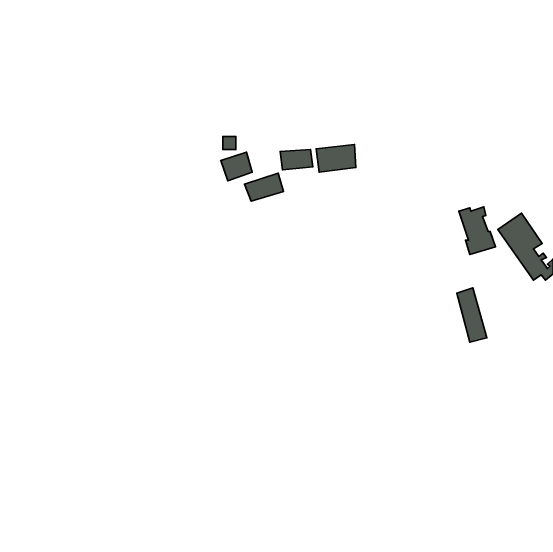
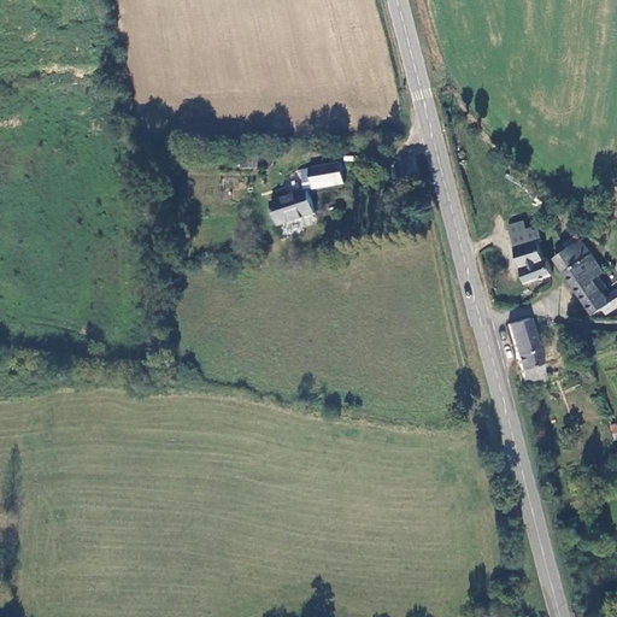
building: [316,145,356,172] -> none
building: [221,152,252,181] -> none

